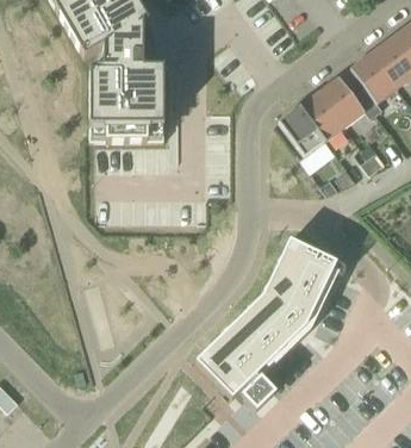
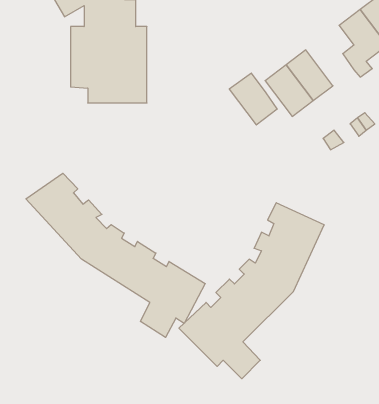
building: [319,74,366,124] -> [229,73,277,125]
building: none -> [26,173,205,337]

